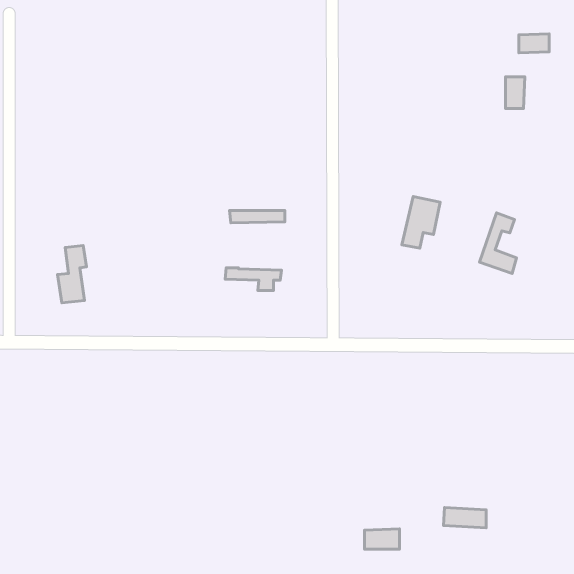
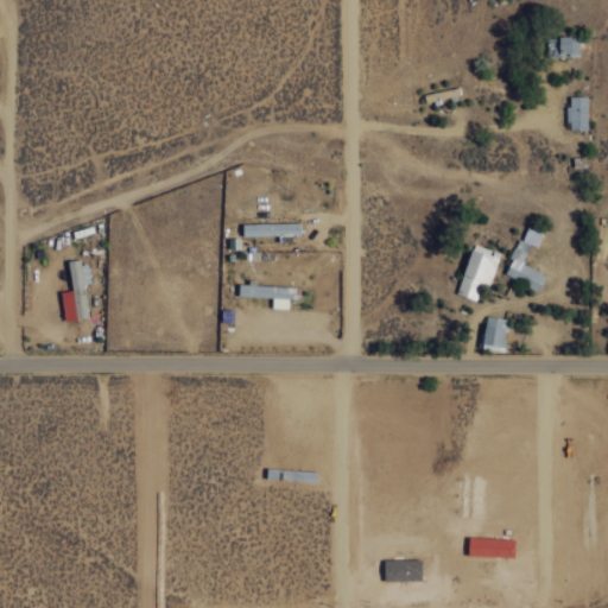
building: [506,77,525,108] -> [569,96,589,129]
building: [402,196,440,248] -> [460,245,500,299]
building: none -> [482,316,509,352]

